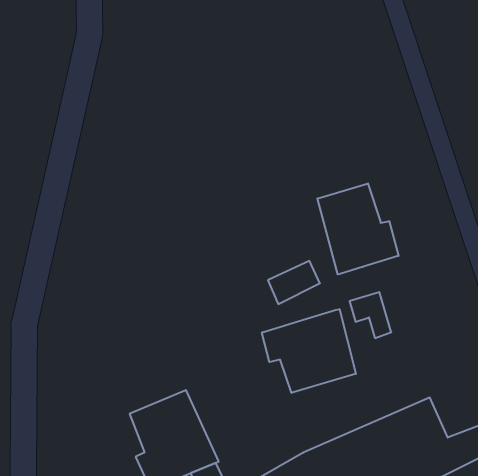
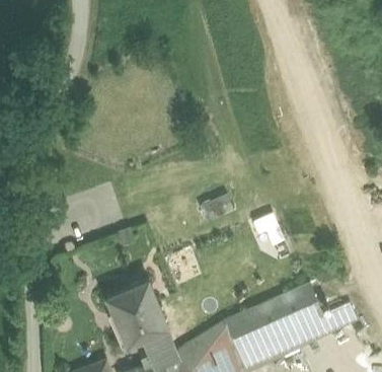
building: [317,183,399,274] -> none
building: [262,309,356,393] -> none

